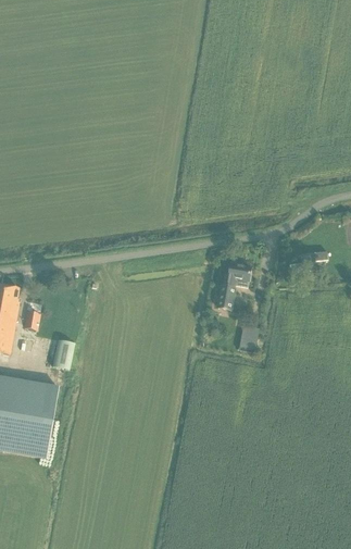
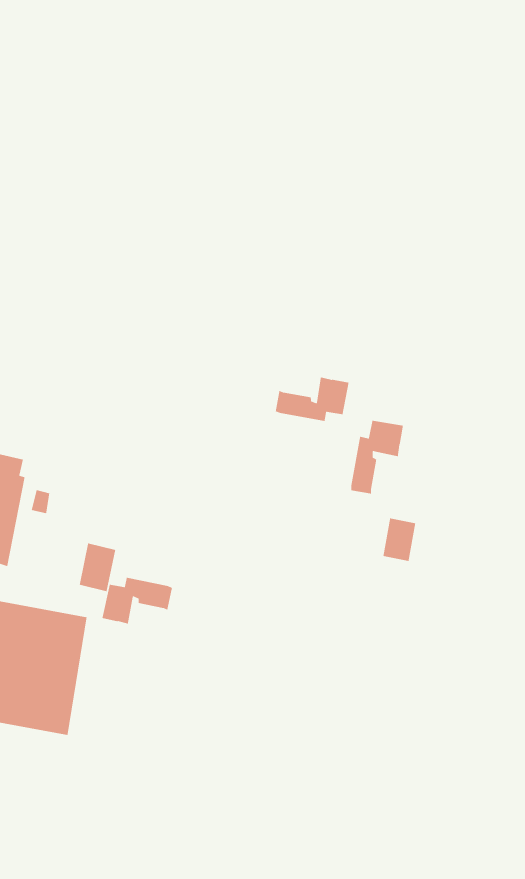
building: none -> [275,377,350,422]
building: none -> [101,577,173,625]

